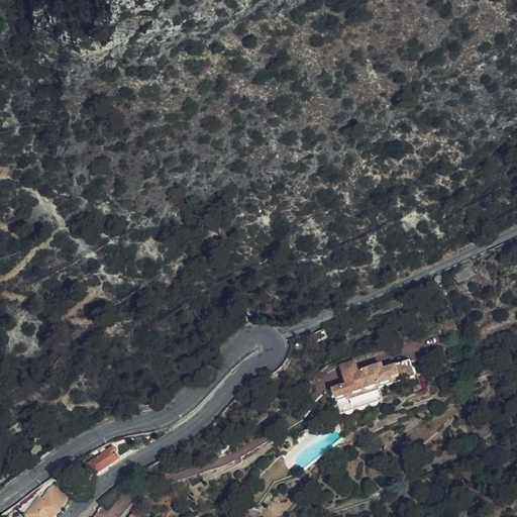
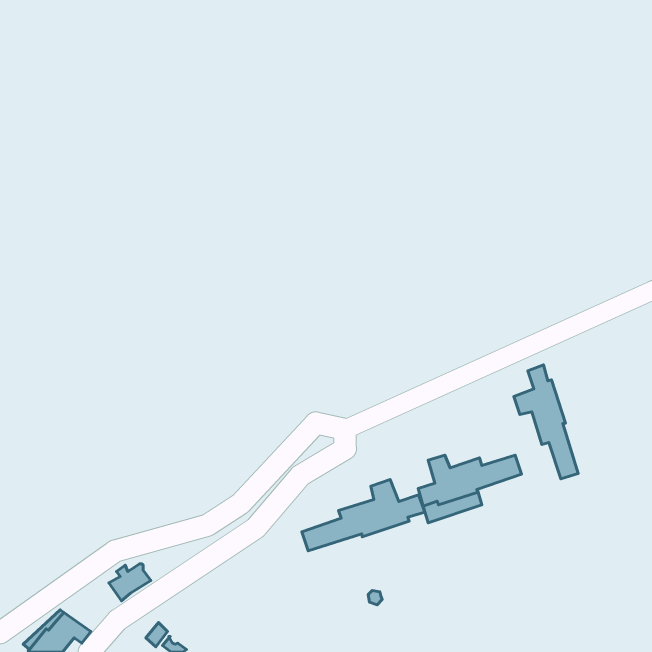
building: none -> [514,365,578,479]
building: none -> [302,479,425,551]

